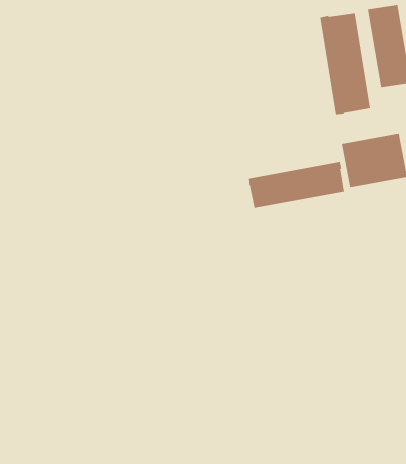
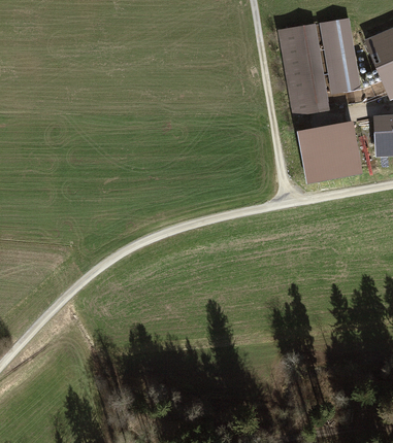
building: [248,161,344,208] -> none

